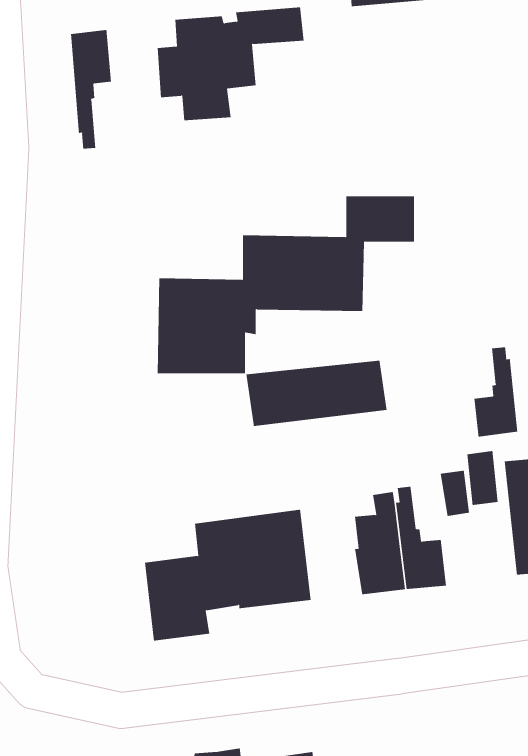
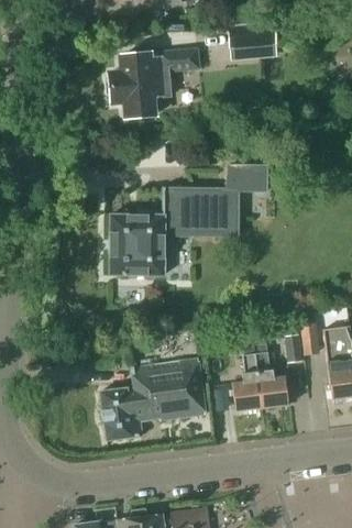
building: [70,29,111,150] -> none
building: [474,347,518,438] -> none
building: [246,360,387,427] -> none

